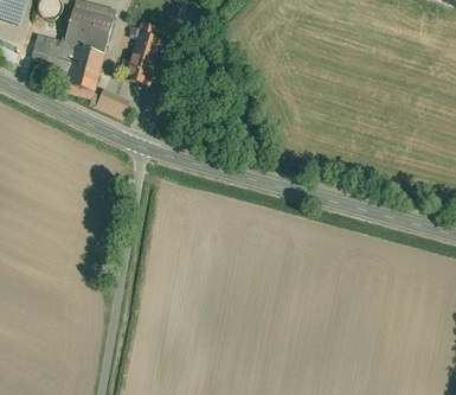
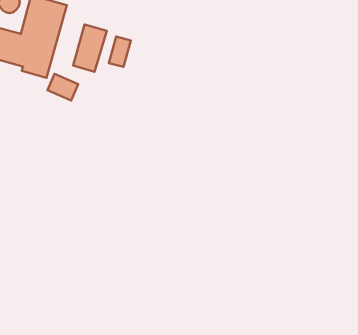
building: none -> [109,36,131,67]

